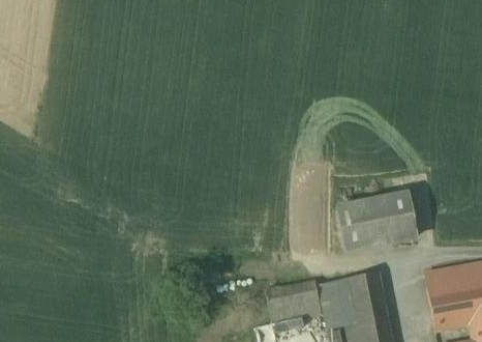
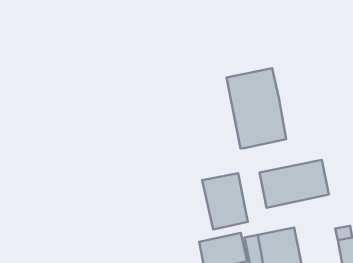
building: none -> [226,68,286,149]
building: none -> [202,173,248,229]

